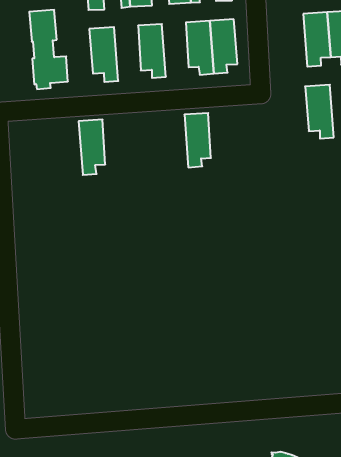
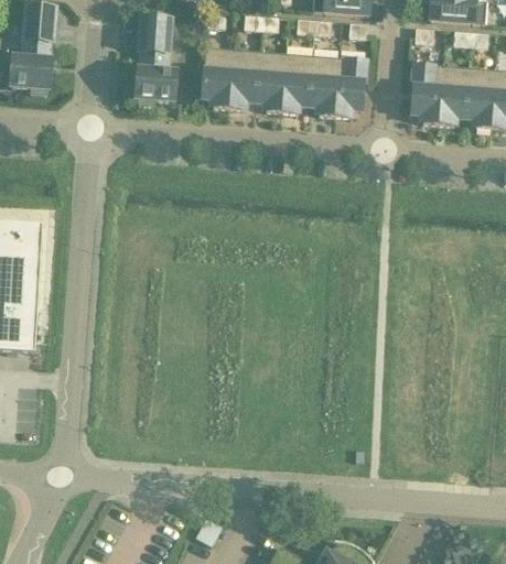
building: [305,85,334,139] -> [411,63,442,123]
building: [184,113,211,167] -> [281,53,312,112]
building: [79,120,105,175] -> [228,48,259,109]

